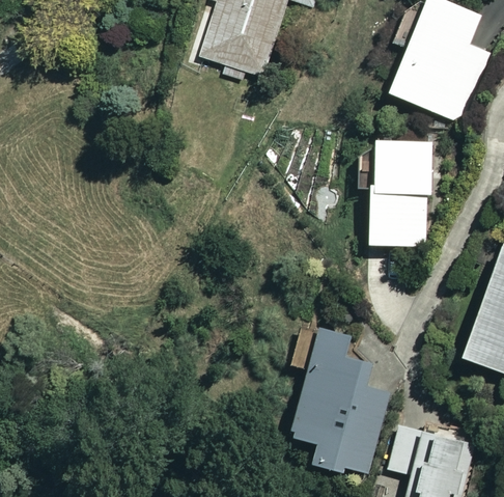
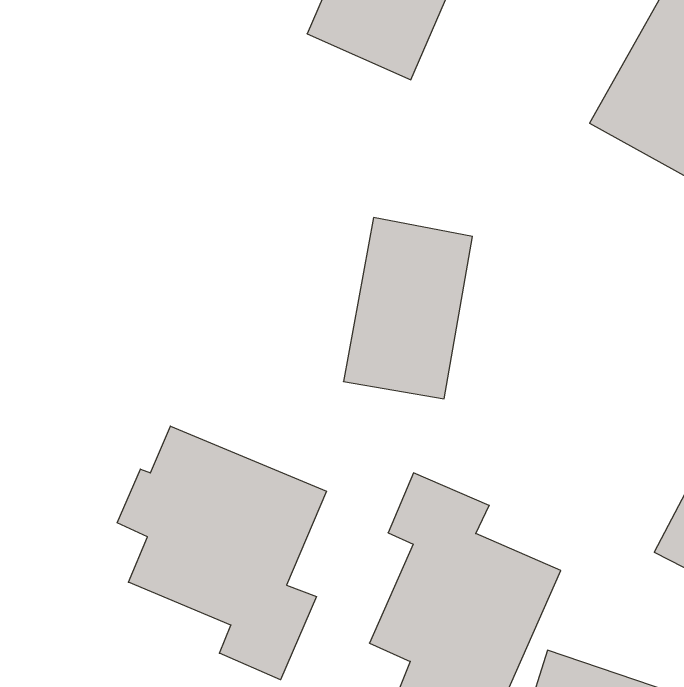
building: [363,138,432,246] -> [343,218,472,399]
building: none -> [117,426,327,680]

